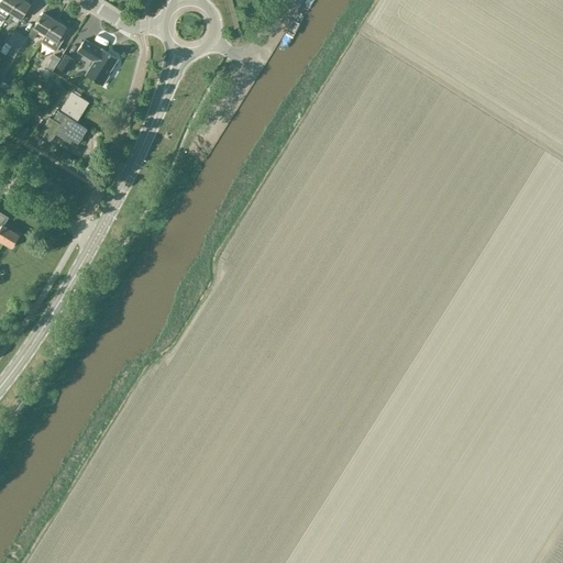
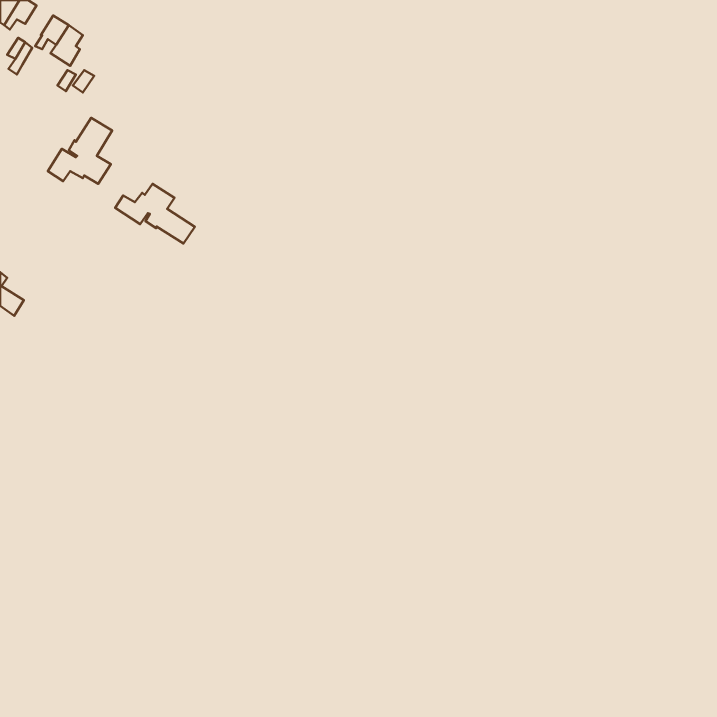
building: [77,40,117,86] -> none
building: none -> [115,184,195,244]

